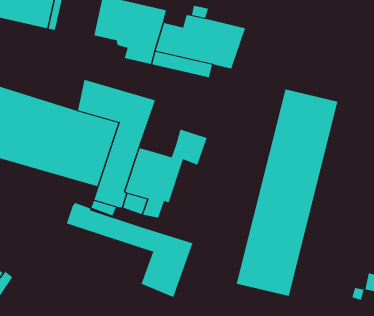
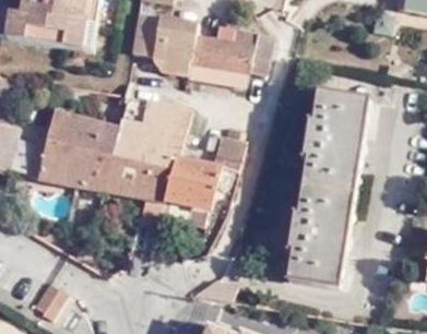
building: [66,202,193,298] -> none

